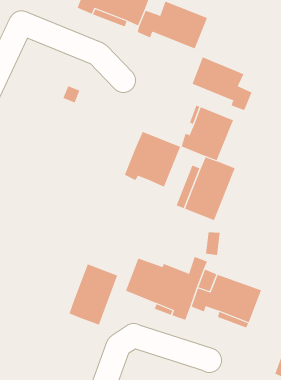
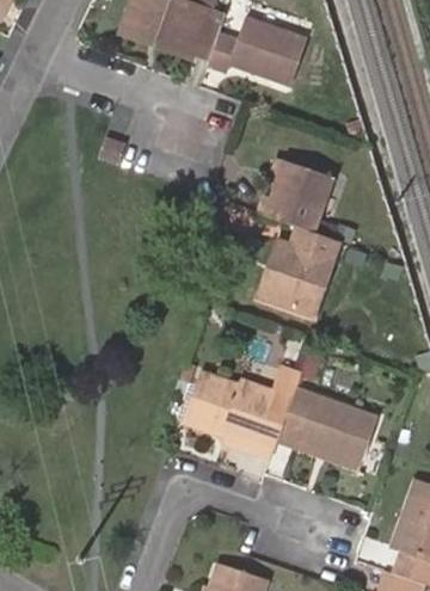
building: [192,57,252,111] -> none
building: [124,131,181,187] -> none
building: [69,263,118,326] -> none

